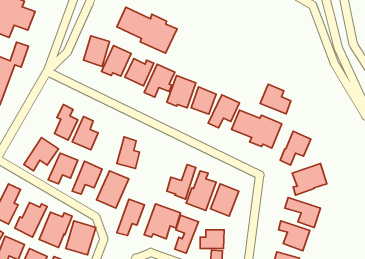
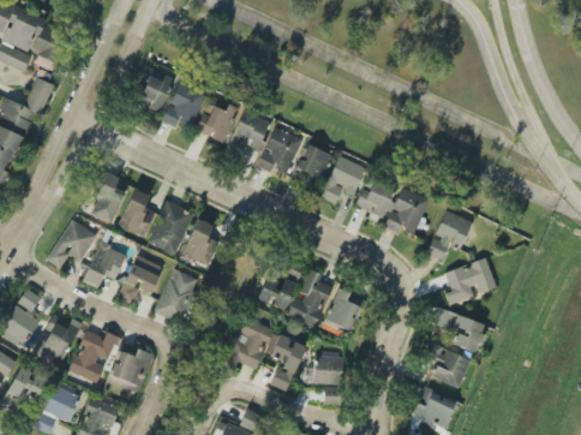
building: [117,7,177,53] -> none
building: [260,84,291,114] -> none
building: none -> [148,202,194,256]
building: [117,199,144,236] -> none

